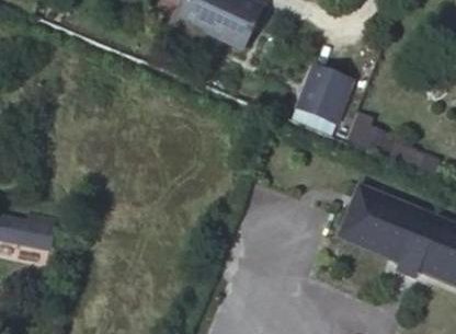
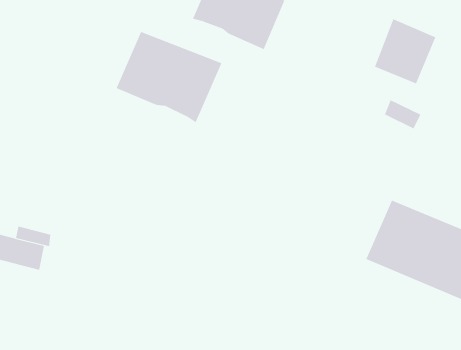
building: none -> [116,31,222,123]
building: [290,67,345,125] -> [374,19,436,84]

